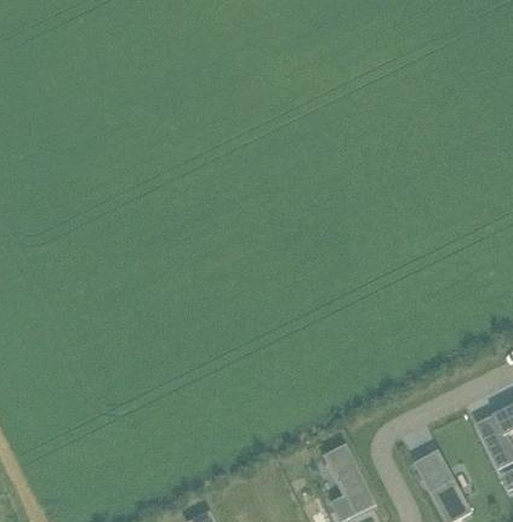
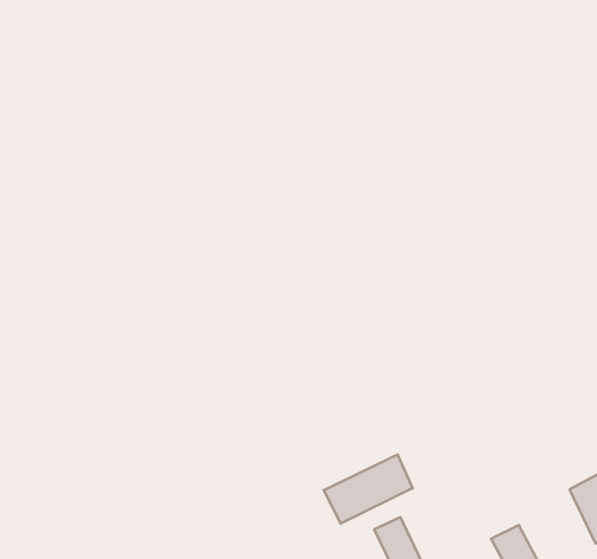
building: none -> [324,455,413,524]

